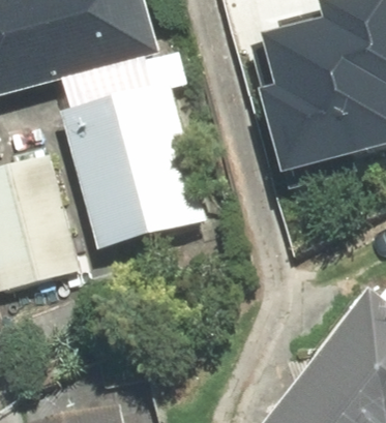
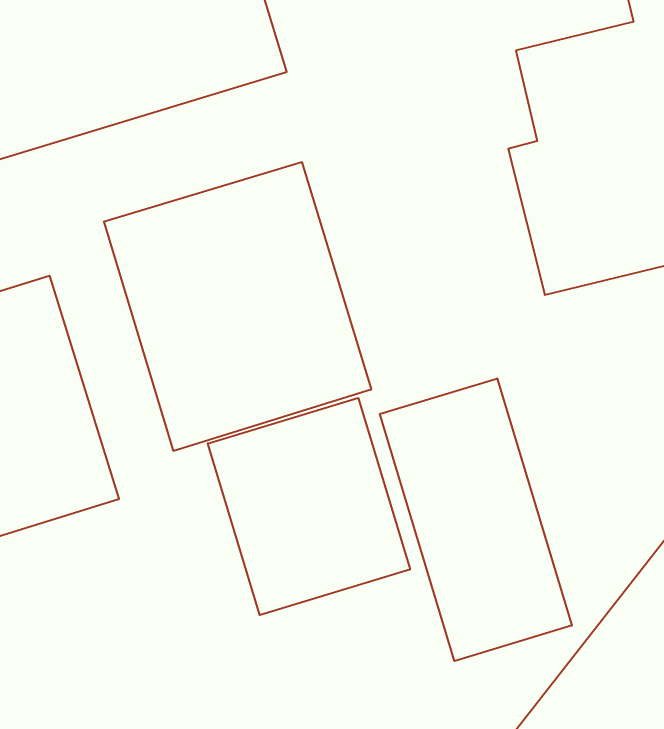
building: none -> [380,378,572,661]
building: none -> [208,398,410,615]

